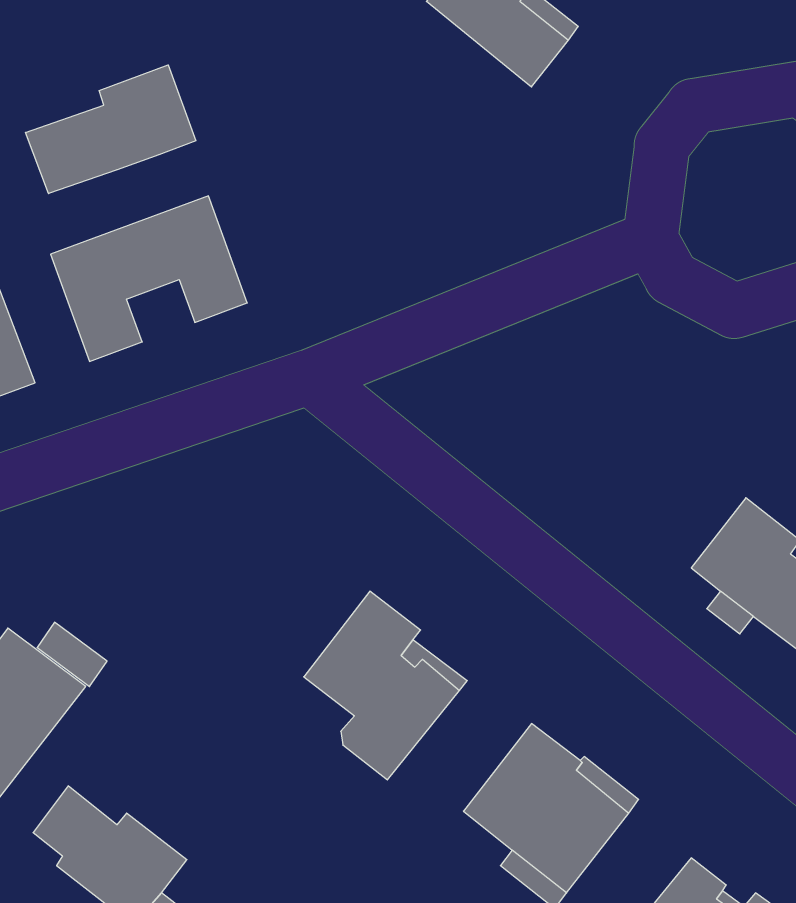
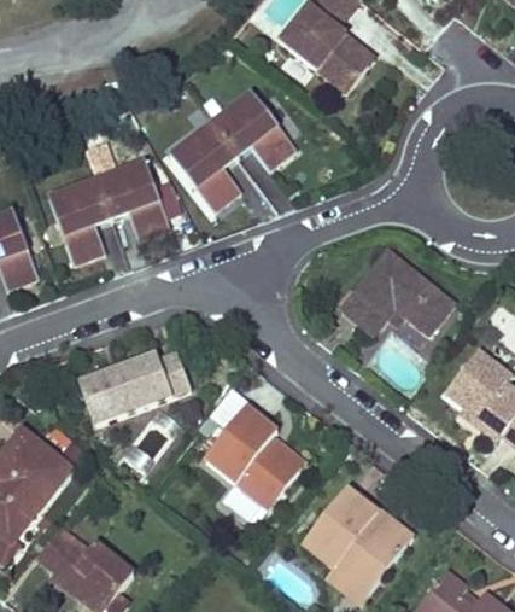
building: [26,65,196,194] -> none
building: none -> [170,92,295,211]
building: none -> [340,250,453,334]
building: none -> [78,350,191,425]

